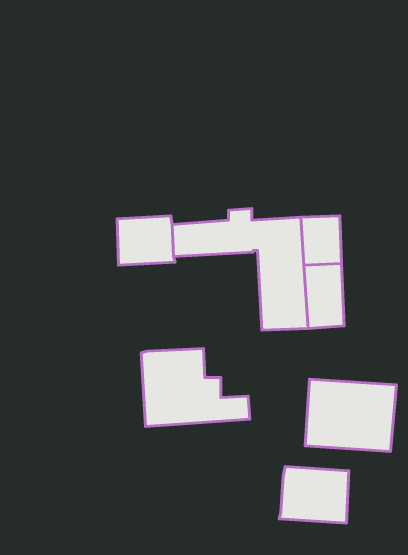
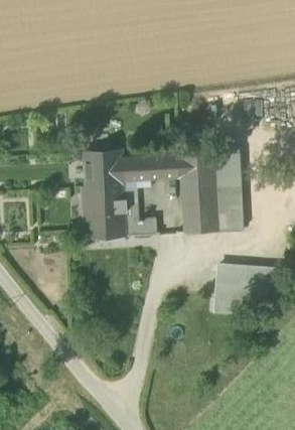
building: [141,348,250,426] -> [81,184,156,239]
building: [279,466,349,523] -> none

